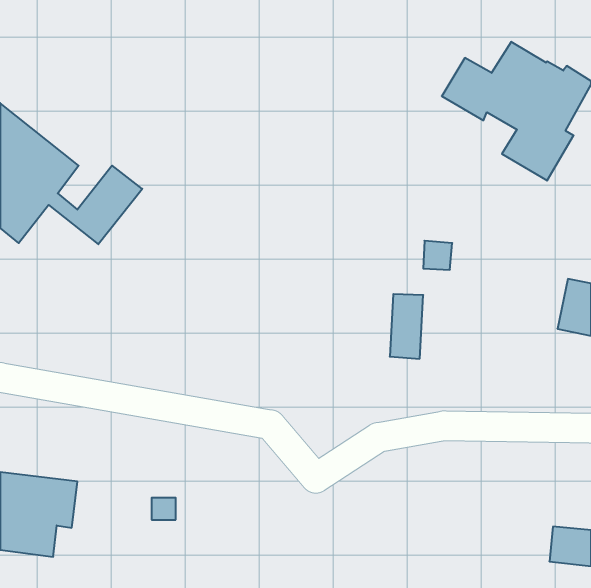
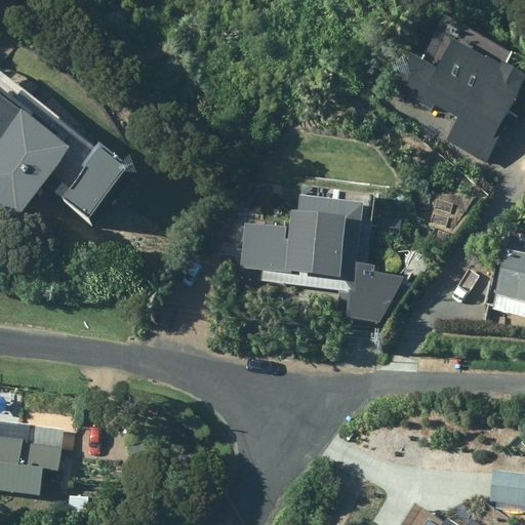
building: none -> [242,200,350,282]

